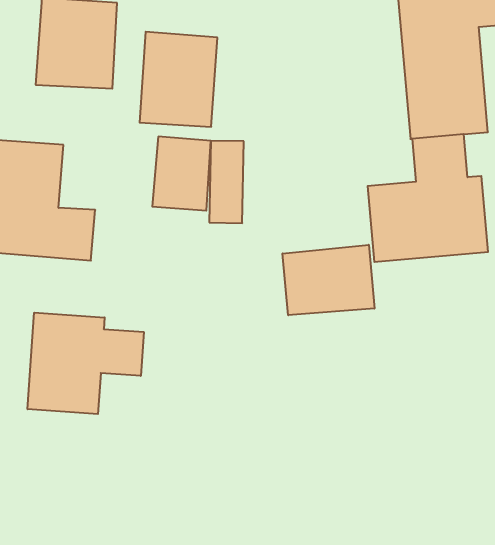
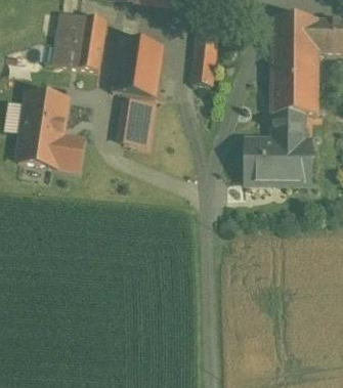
building: [209,141,244,223] -> [192,32,217,82]
building: [283,245,374,315] -> none
building: [28,313,144,414] -> none

